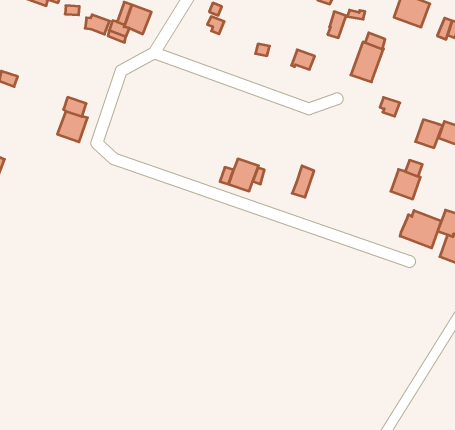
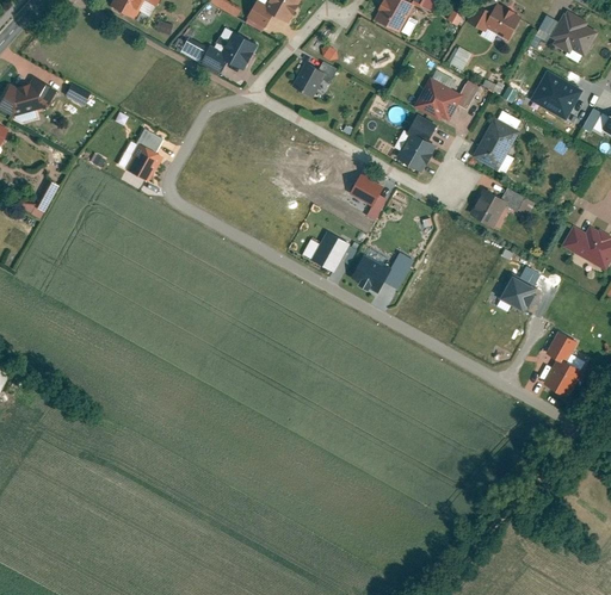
building: none -> [416,81,459,118]
building: none -> [294,64,323,97]
building: none -> [397,134,433,171]
building: none -> [350,174,383,206]
building: [415,120,443,148] -> [471,191,506,225]
building: none -> [348,254,390,292]
building: [400,210,441,248] -> none

